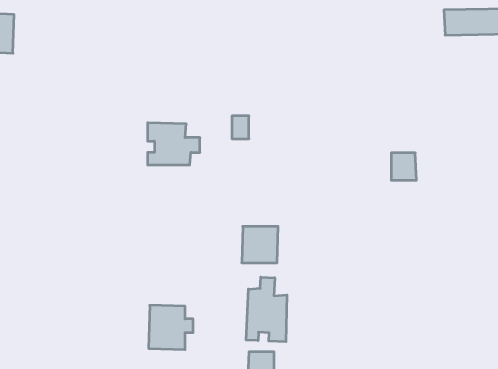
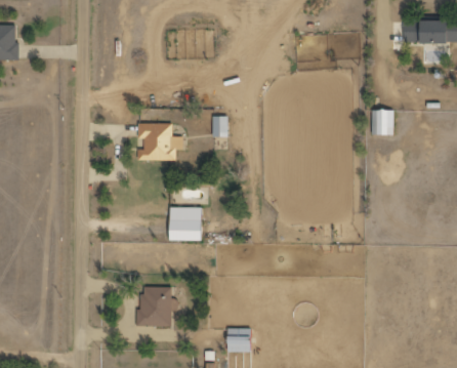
building: [391,153,416,180] -> [370,110,392,134]
building: [242,226,278,263] -> [169,207,202,240]
building: [246,277,287,342] -> none

